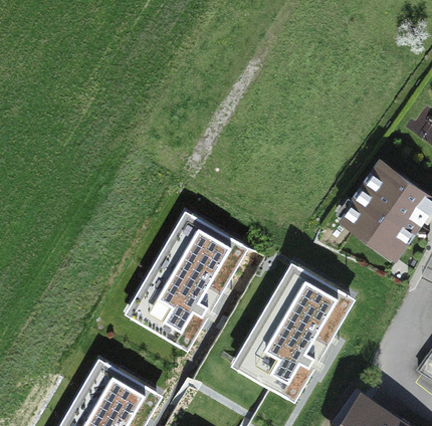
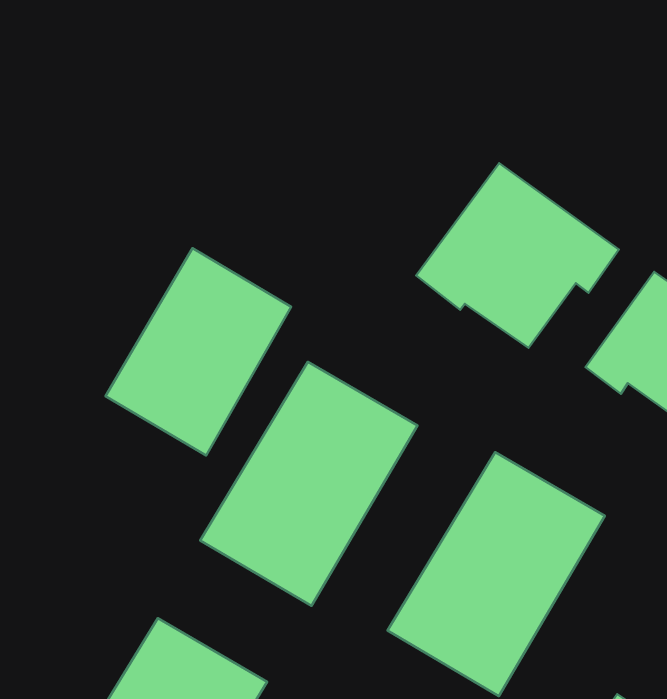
building: none -> [416,163,619,348]
building: none -> [105,248,291,456]

